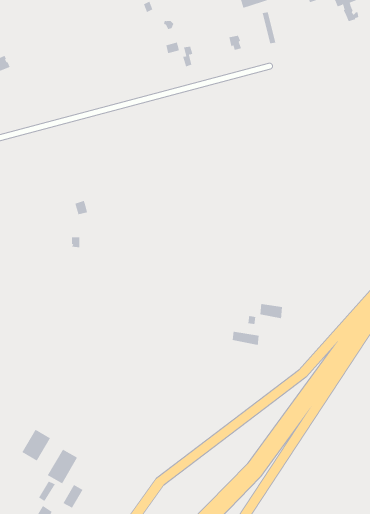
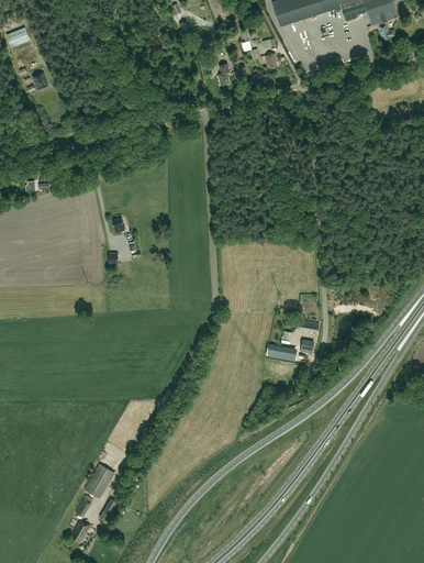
building: [22,429,51,462] -> none

